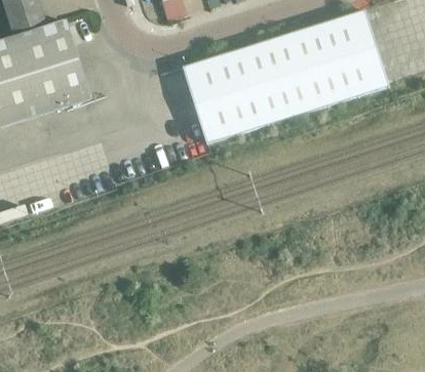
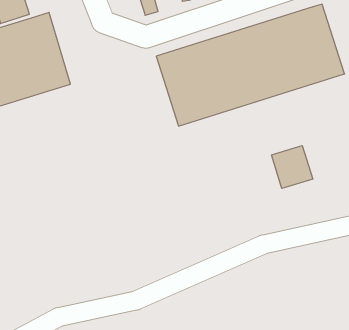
building: none -> [271,146,313,188]

